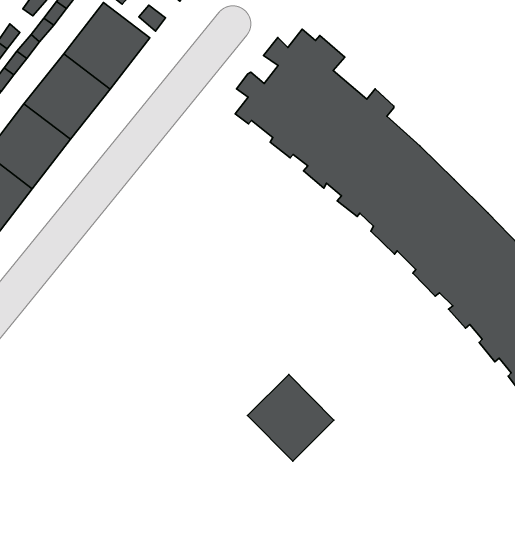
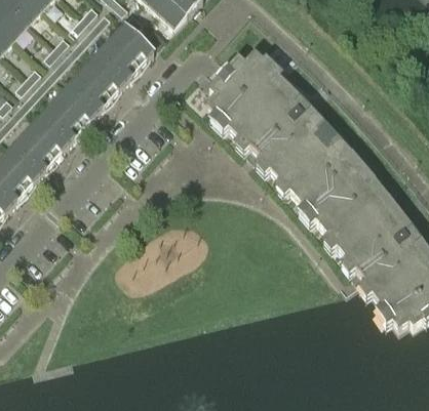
building: [248,375,334,461] -> none

